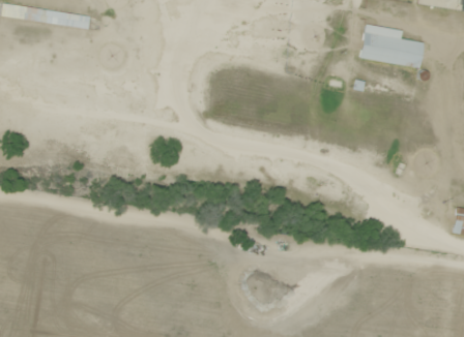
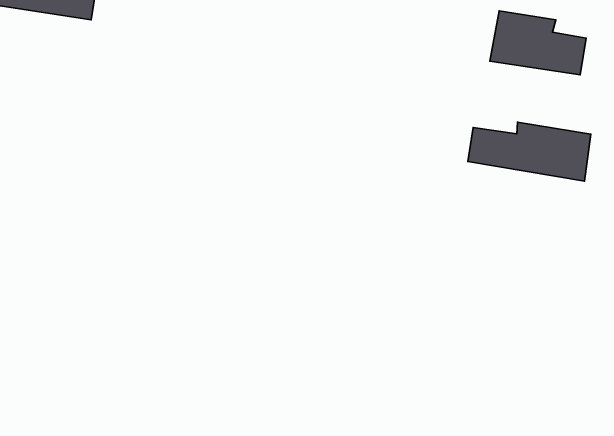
building: none -> [468,122,591,181]

